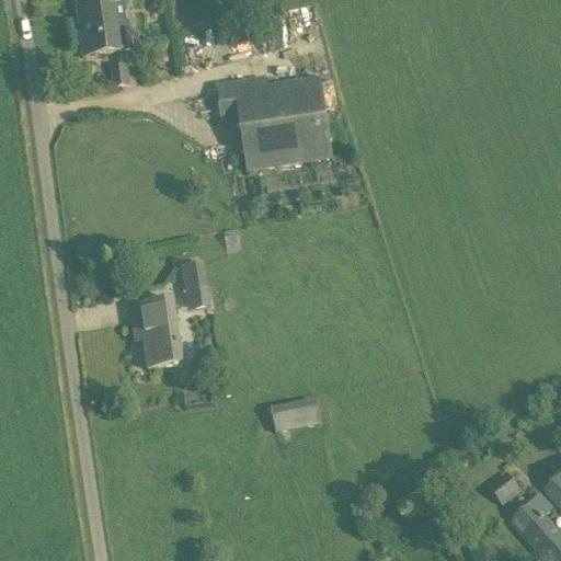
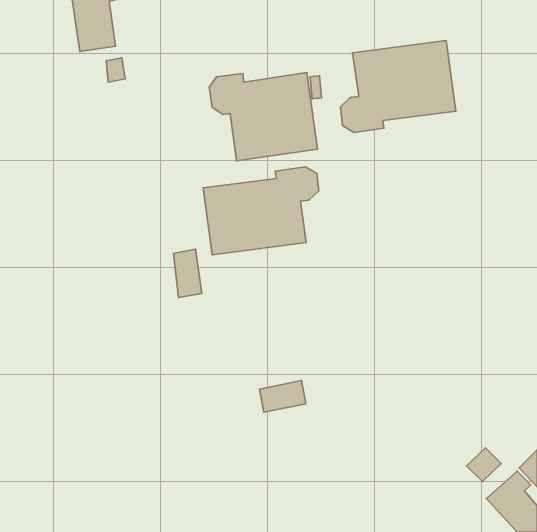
building: none -> [341,41,456,133]
building: none -> [203,167,319,255]
building: [130,297,183,366] -> none

